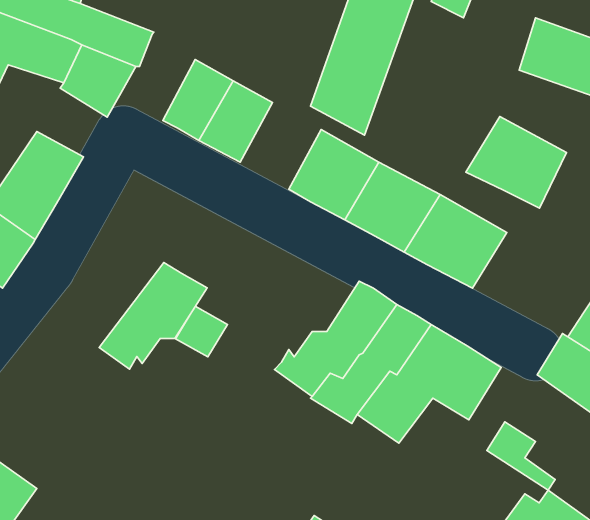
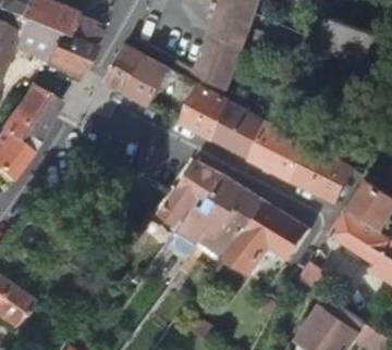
building: [466,116,567,208] -> [292,147,353,202]
building: [99,263,207,369] -> [158,161,223,225]

